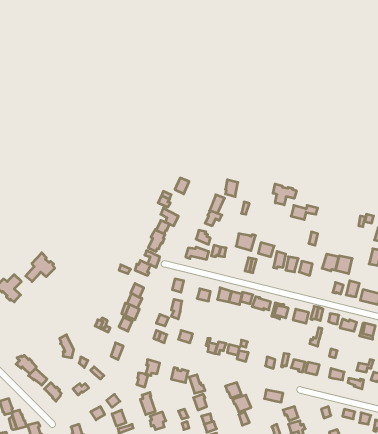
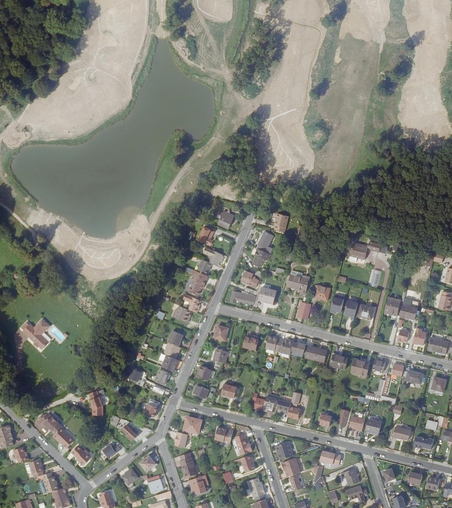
building: [273,184,296,205] -> none
building: [26,253,55,282] -> none

